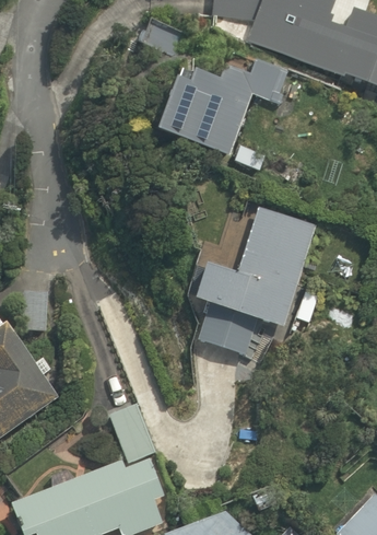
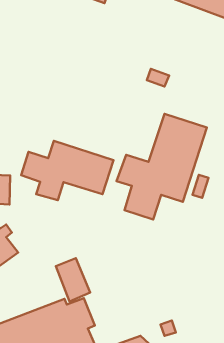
building: [155,59,288,156] -> none
building: none -> [21,141,113,200]

